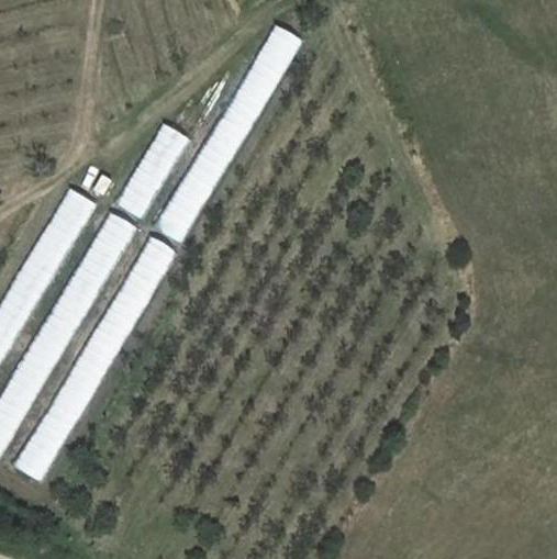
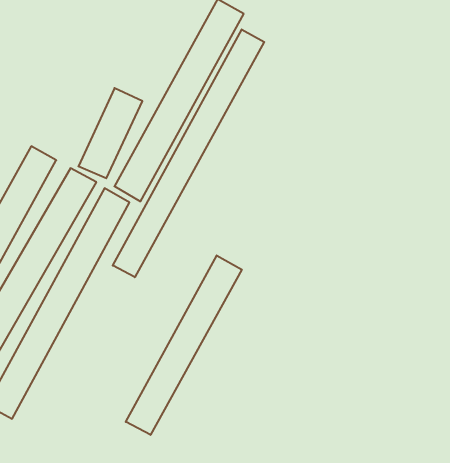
building: none -> [113,29,264,277]
building: none -> [126,255,242,435]

